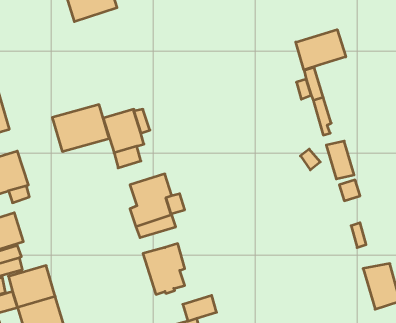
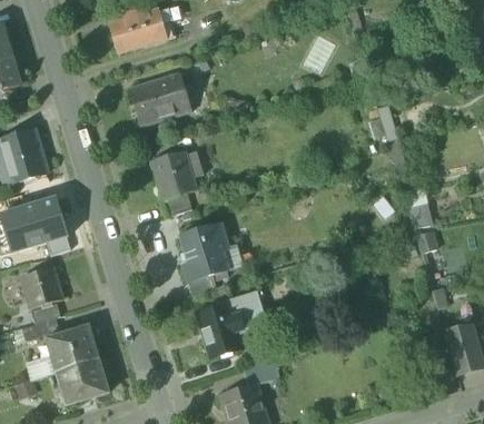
building: [296,30,346,70] -> none
building: [52,105,109,151] -> [130,72,194,125]
building: none -> [219,290,266,328]

